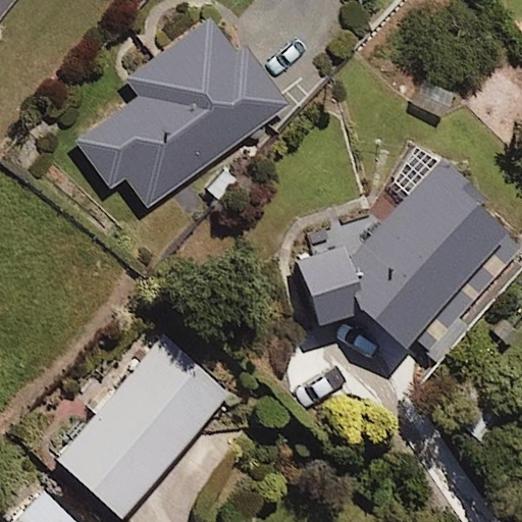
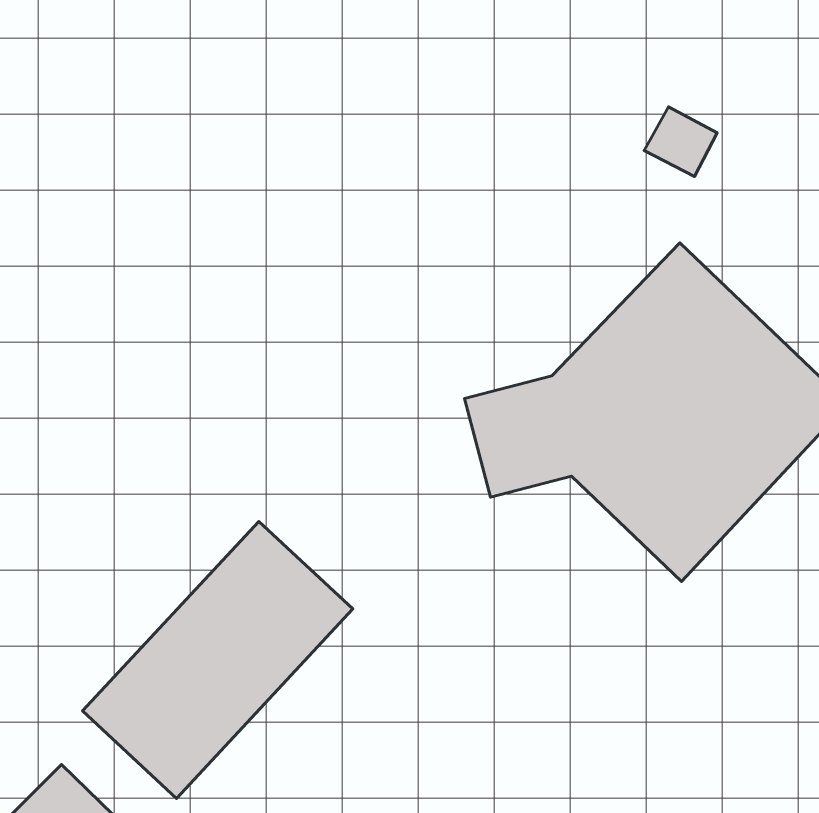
building: [76,15,286,208] -> none

